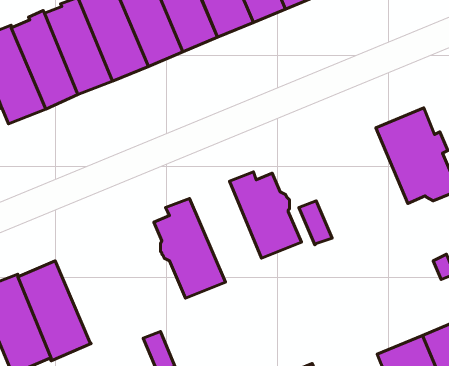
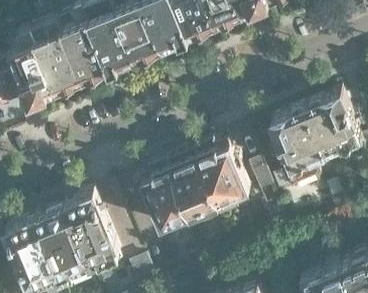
building: none -> [269,108,328,191]
building: none -> [164,148,220,225]
building: none -> [62,194,118,269]

